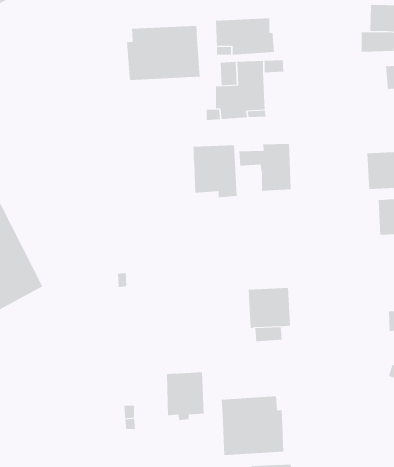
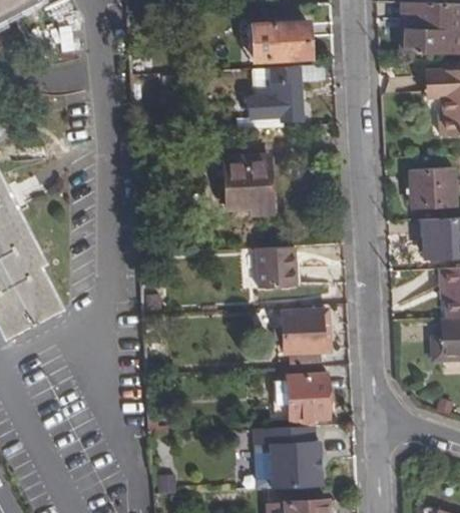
building: [127,25,200,81] -> none
building: [239,143,291,191] -> none
building: none -> [256,247,295,291]
building: [166,372,205,420] -> [289,374,330,426]

